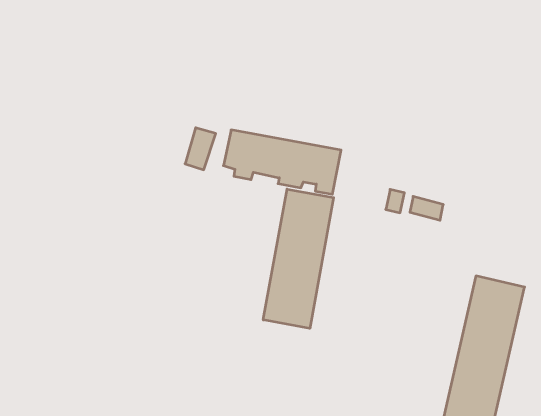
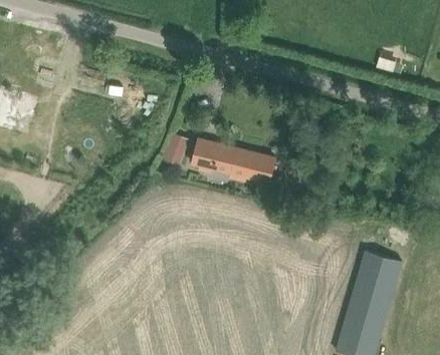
building: [263,189,334,328] -> none

